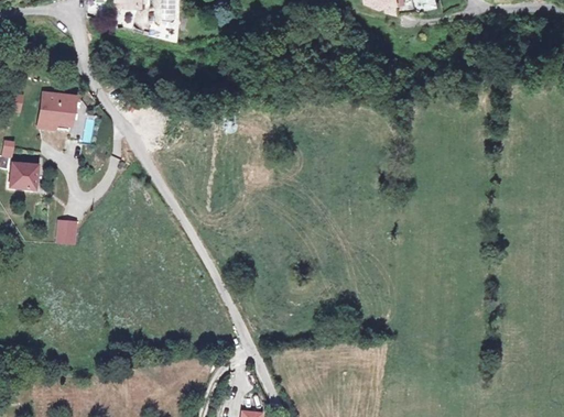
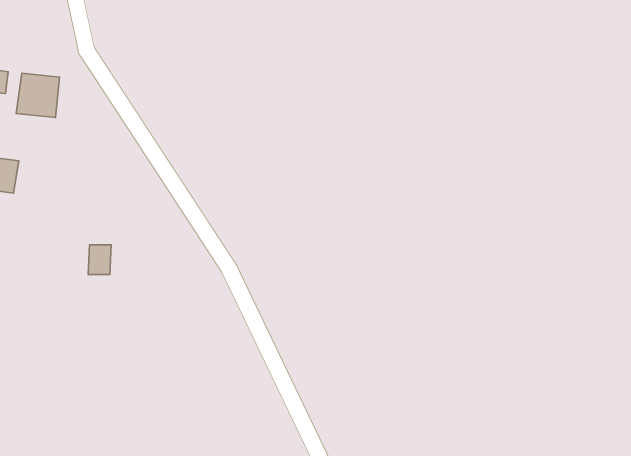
building: [54,222,73,246] -> [88,245,111,275]

